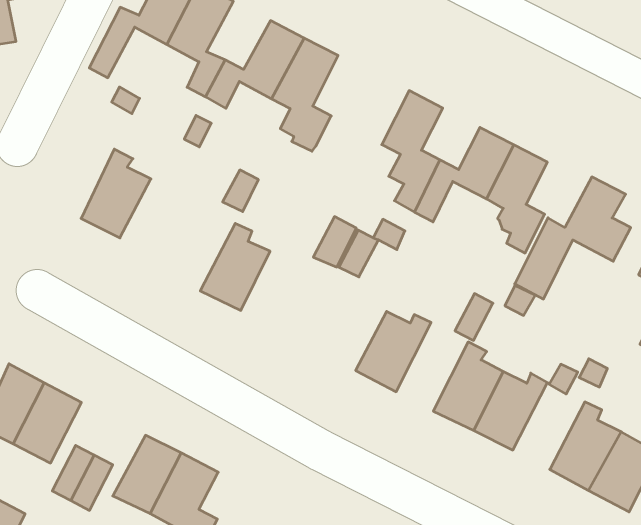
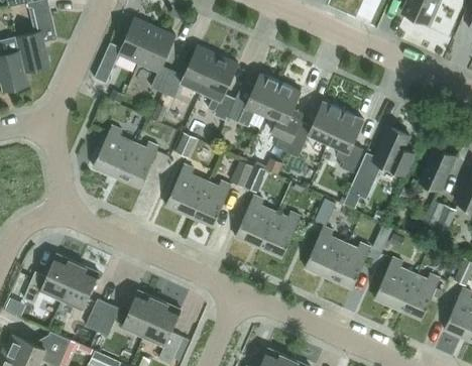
building: none -> [228,73,280,126]
building: none -> [117,141,158,187]
building: none -> [190,179,231,226]
building: none -> [235,195,274,246]

